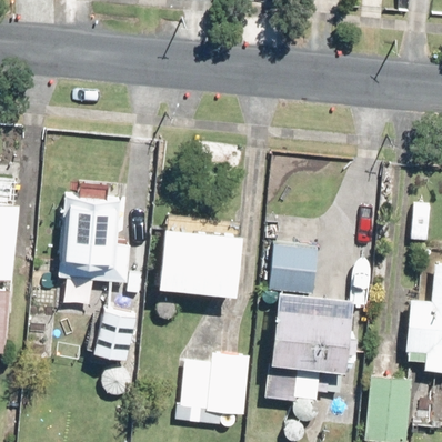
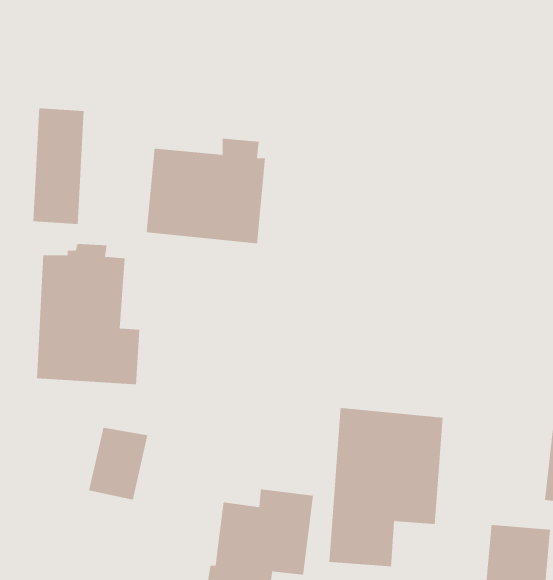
building: none -> [33,108,84,225]
building: [161,224,243,297] -> [146,138,266,244]
building: [263,248,310,294] -> none

